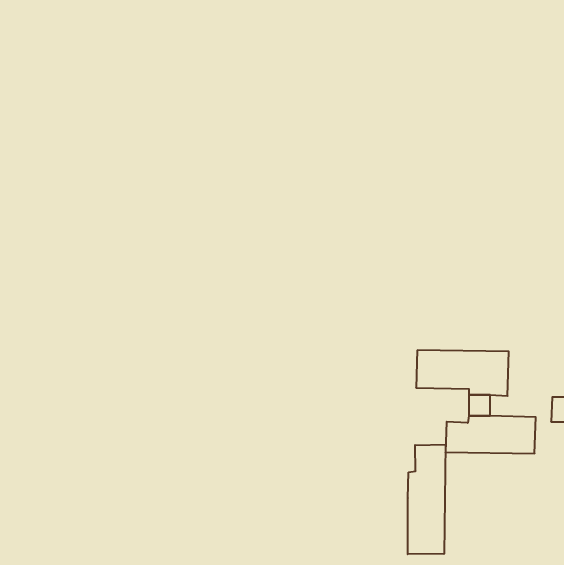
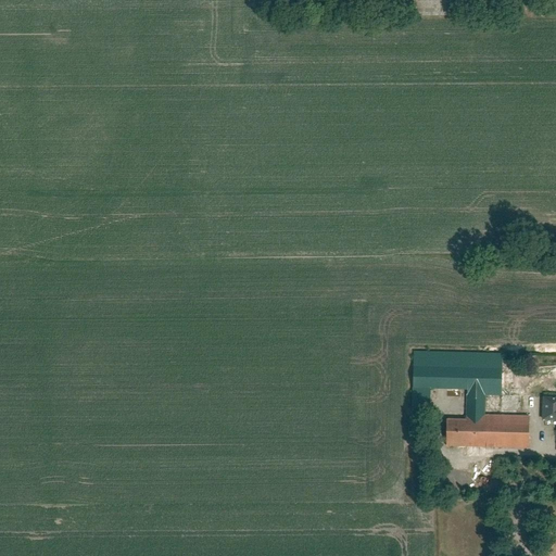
building: [408,445,446,554] -> none

